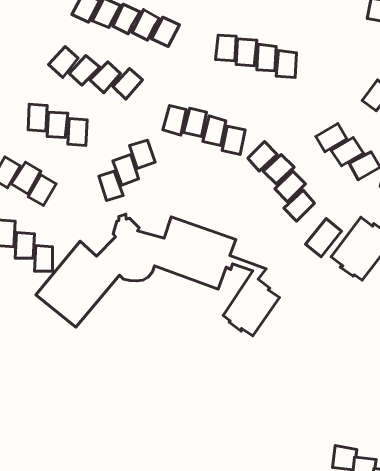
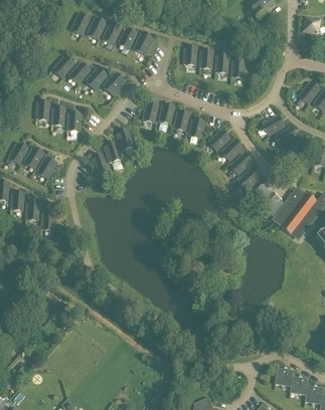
building: [36,214,279,336] -> none

